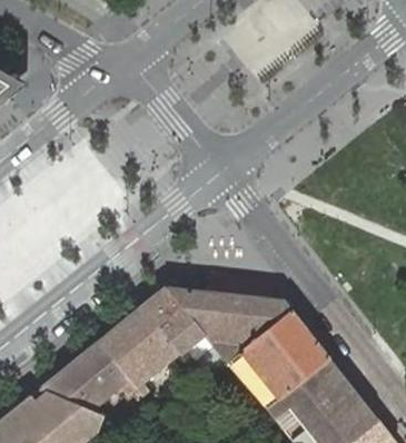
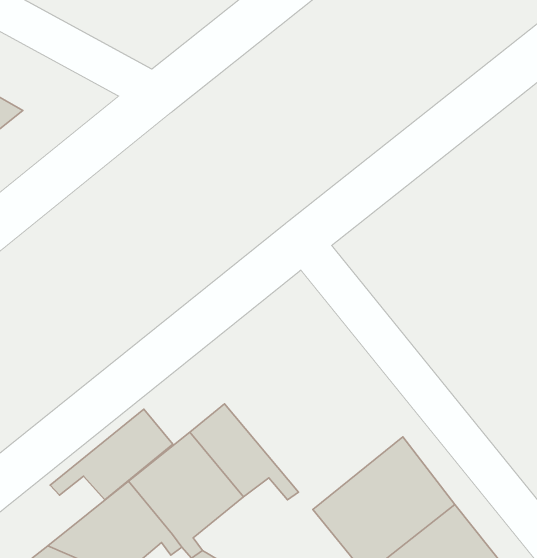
building: [165,287,290,362] -> none
building: none -> [50,409,173,500]

